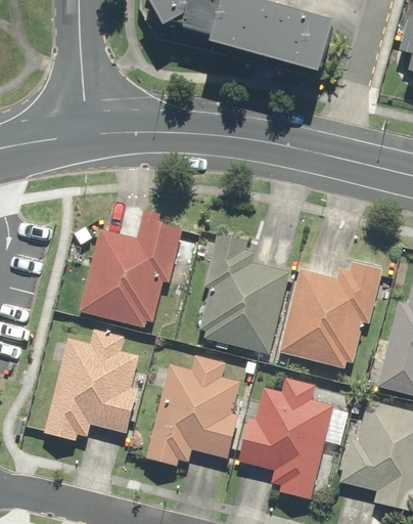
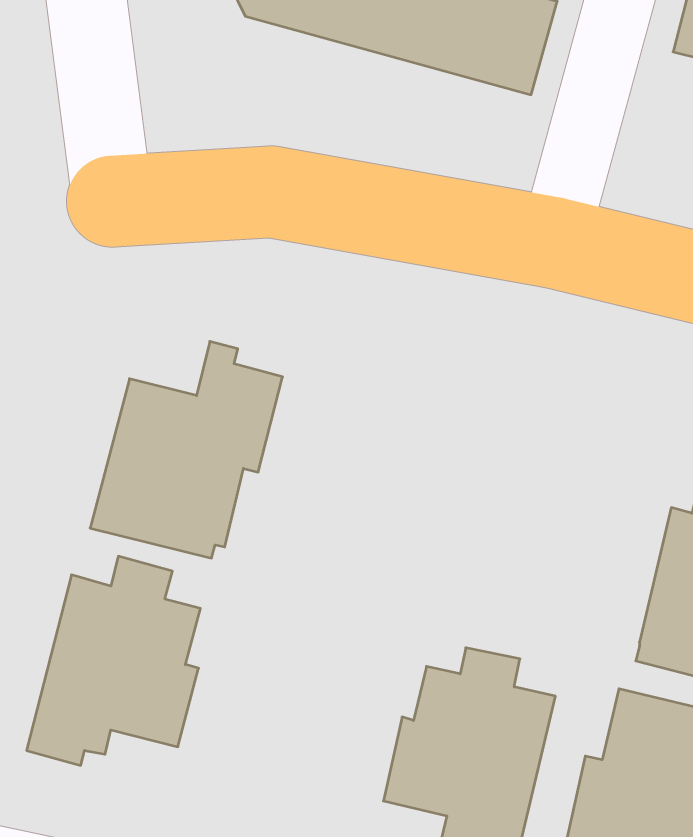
building: [200,231,289,353] -> none
building: [279,257,383,367] -> none
building: [147,355,238,464] -> none

